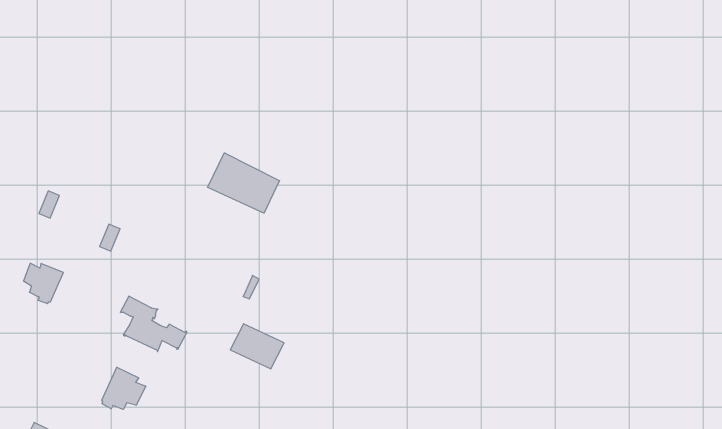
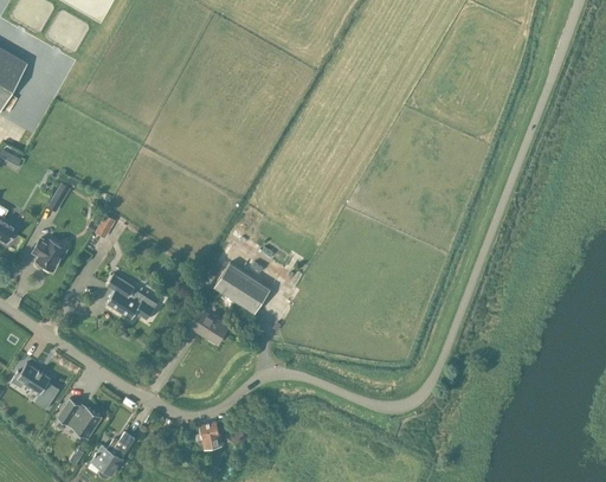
building: [207,153,280,213] -> [213,262,270,313]
building: [102,367,146,409] -> none

